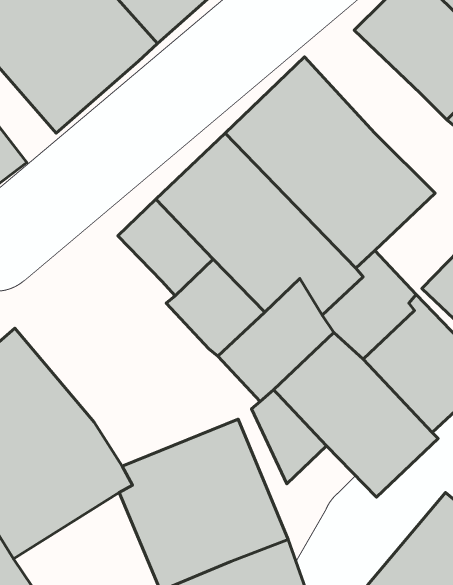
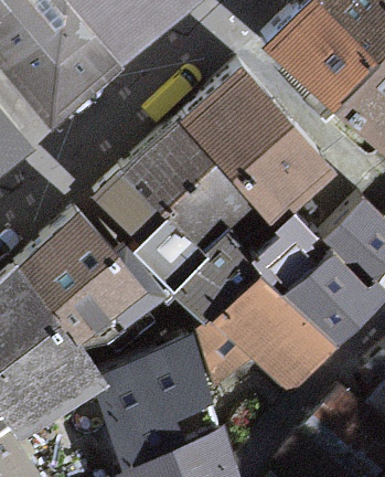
building: none -> [17,212,139,338]

